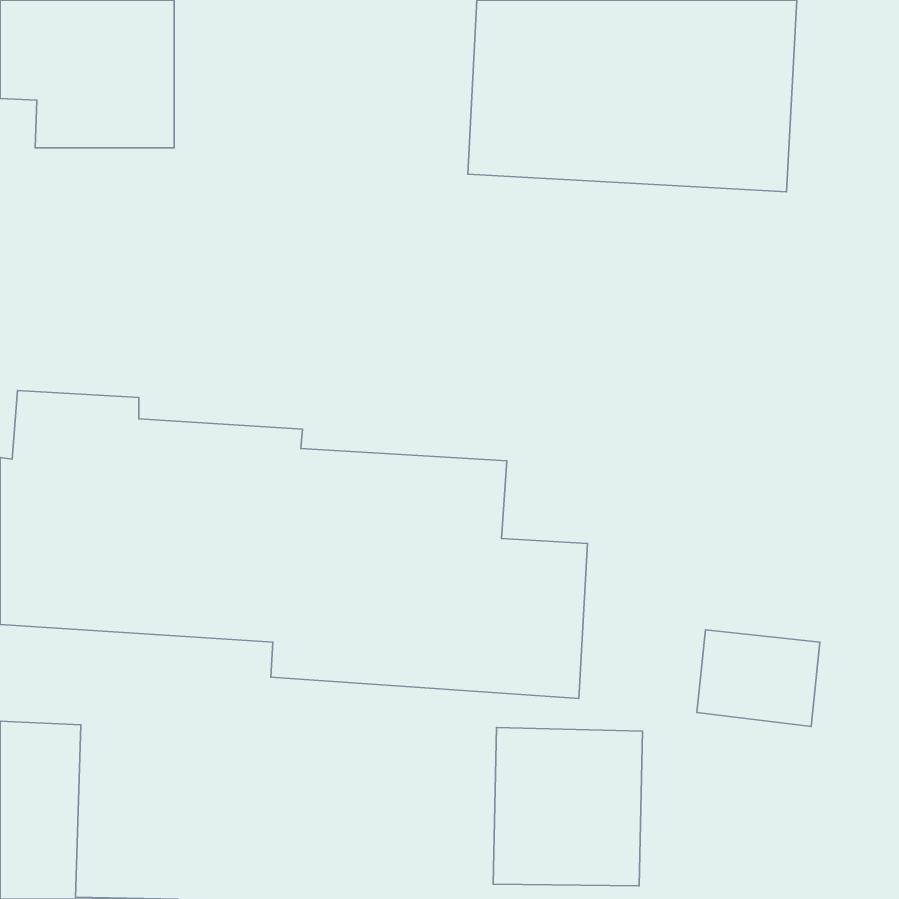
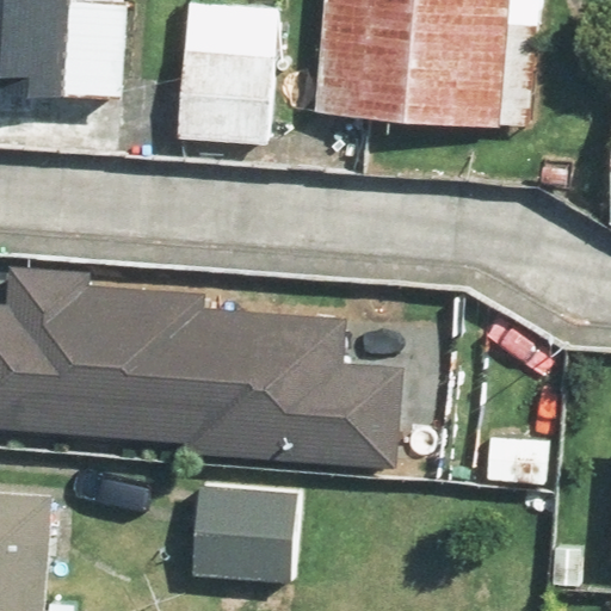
building: none -> [174,35,273,150]
building: [493,728,643,886] -> [195,482,296,590]

